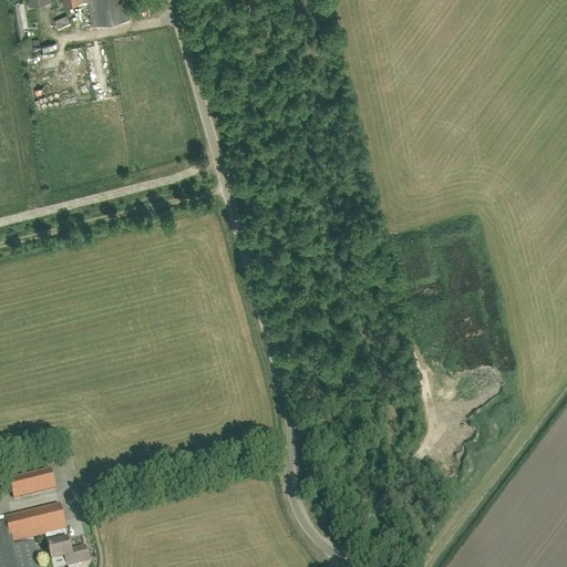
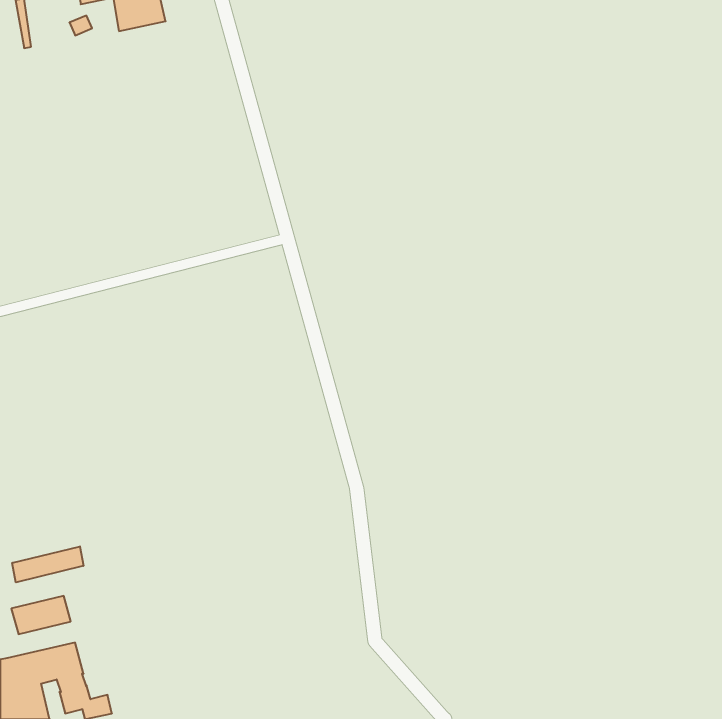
building: none -> [12,546,83,582]

